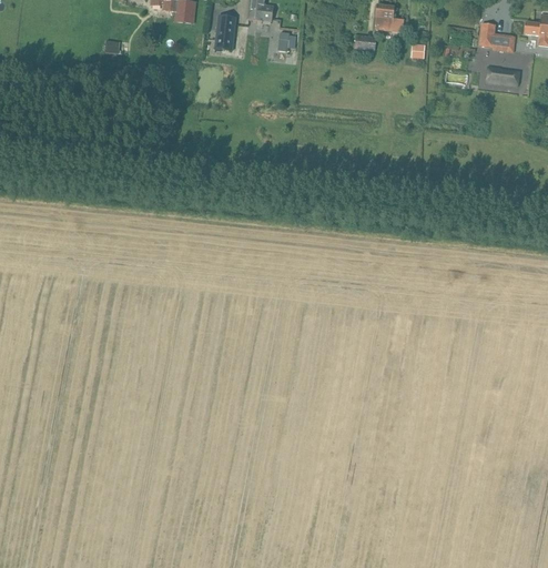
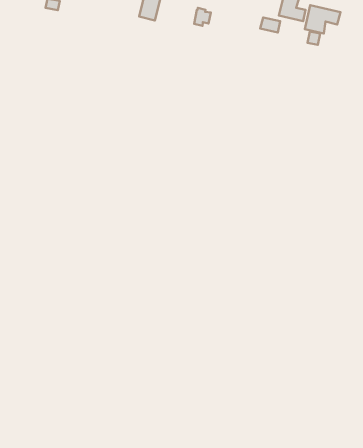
building: none -> [305,5,341,33]

